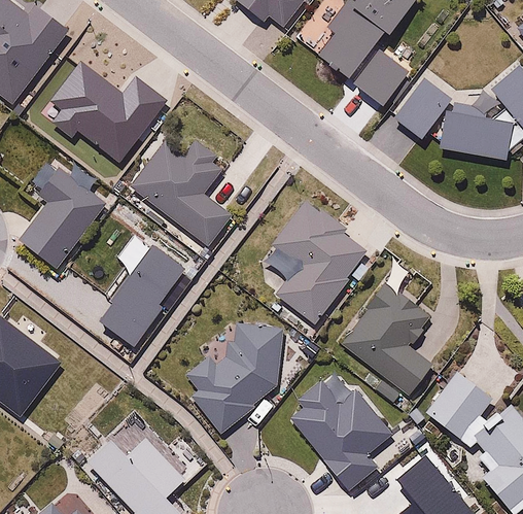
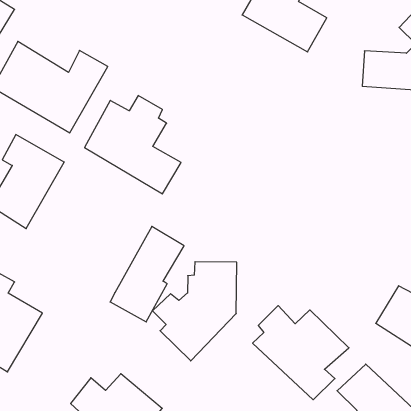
building: [392,78,452,140] -> none
building: [270,201,372,331] -> none
building: [99,242,185,345] -> [110,226,184,322]
building: [339,279,435,402] -> none

